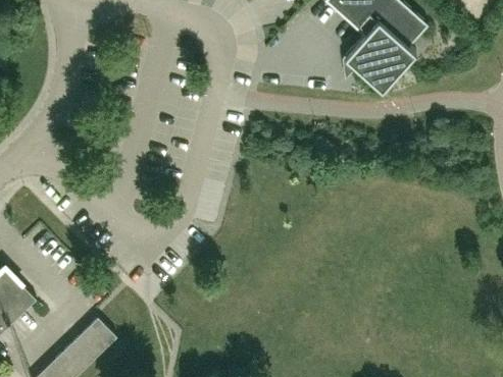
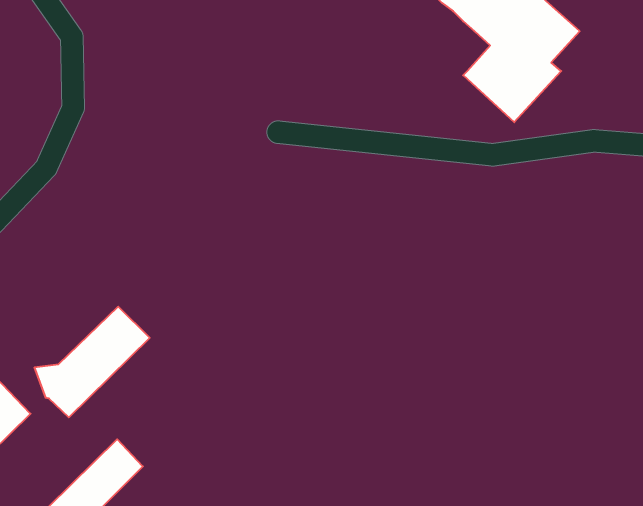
building: none -> [35,307,150,417]

